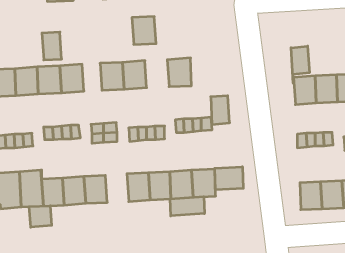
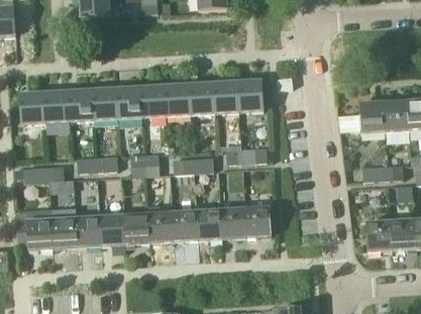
building: [132,17,156,44] -> [191,83,218,114]
building: [42,32,62,60] -> [120,87,142,118]
building: [291,46,309,83] -> none
building: [211,96,230,125] -> [242,80,264,112]
building: [215,167,243,190] -> none
building: none -> [146,205,173,243]
building: [170,197,204,216] -> none
building: [29,206,52,227] -> none

